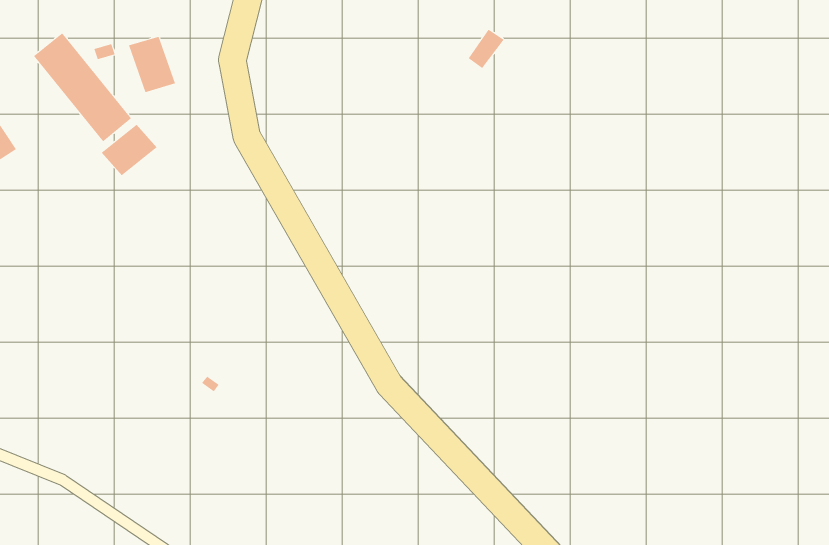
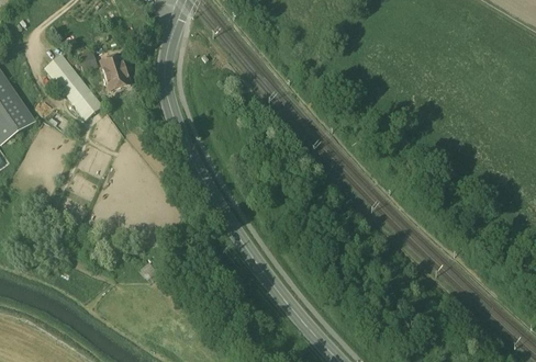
building: [101,124,157,176] -> none

